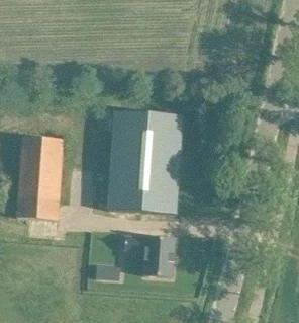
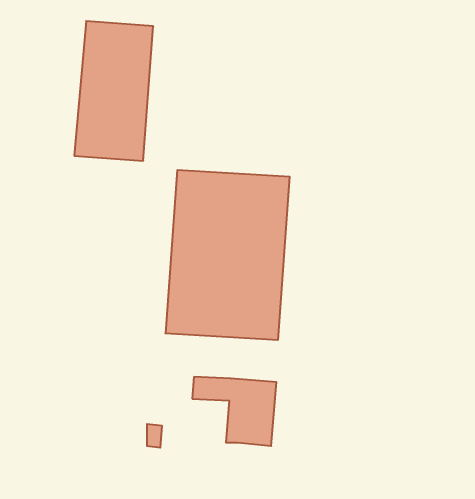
building: [15,136,63,220] -> [74,21,153,161]

